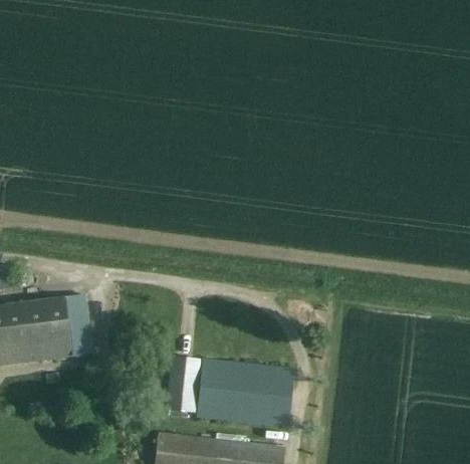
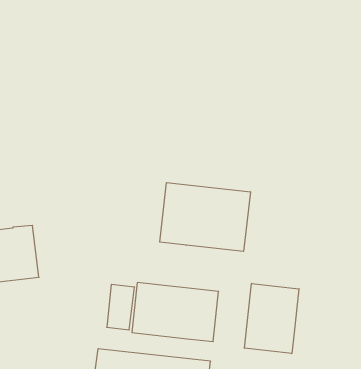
building: none -> [160,183,250,251]
building: none -> [244,283,299,354]

